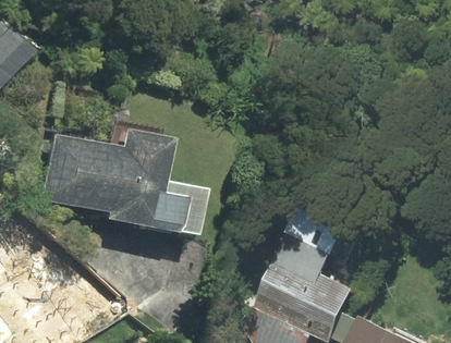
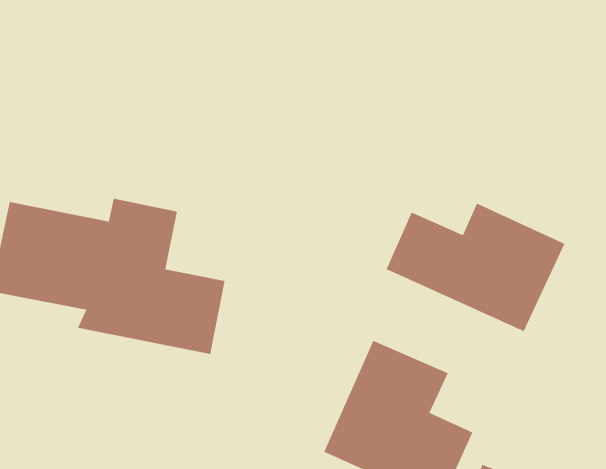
building: none -> [385,202,565,332]

